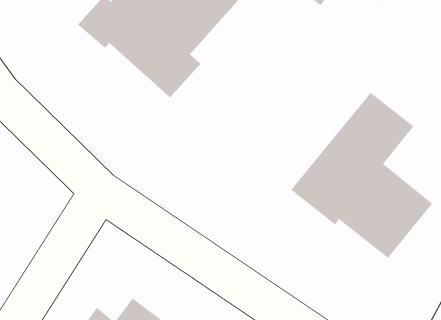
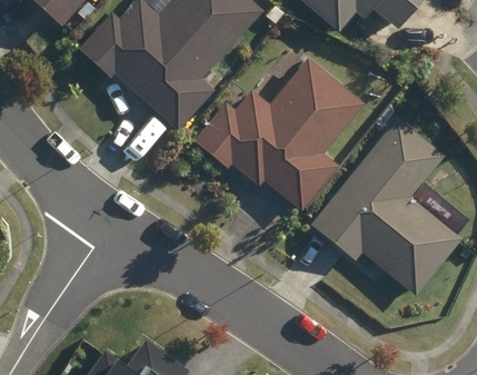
building: none -> [196,58,364,205]

